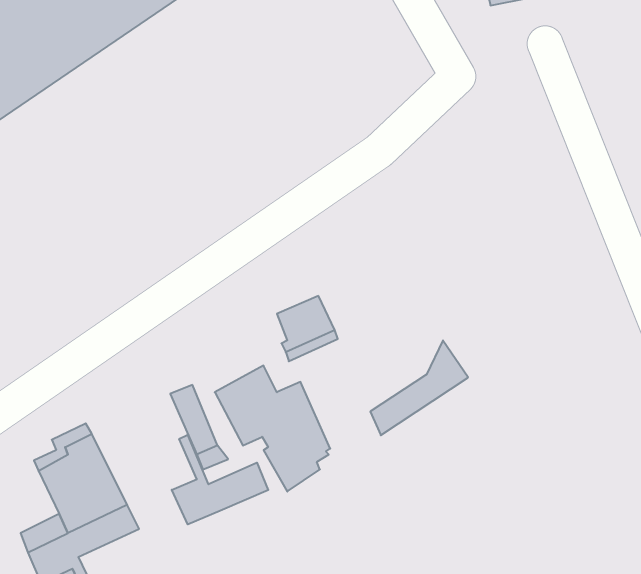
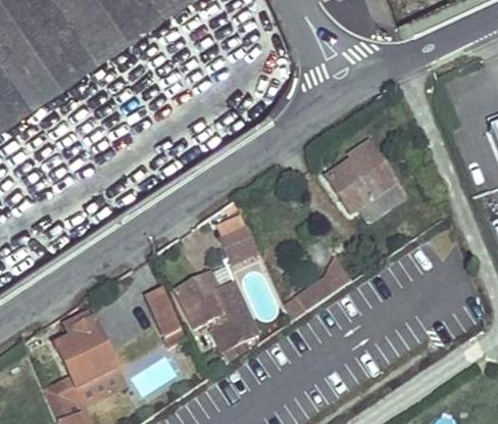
building: none -> [327,143,404,221]
building: [172,435,268,524] -> none

